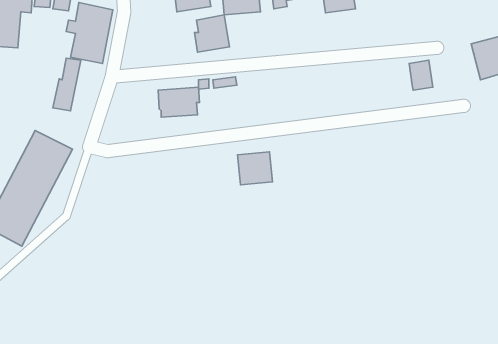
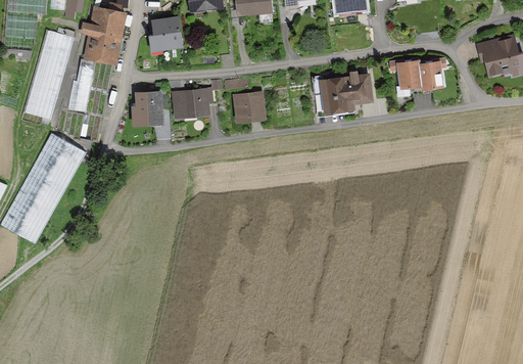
building: [194,15,229,52] -> [149,14,184,51]
building: none -> [23,30,73,118]
building: none -> [398,59,423,87]
building: none -> [320,72,374,115]
building: none -> [132,91,163,126]
building: [238,152,273,185] -> [233,91,268,124]

